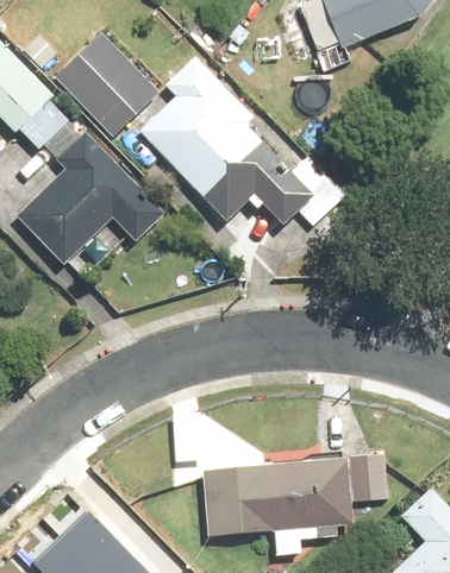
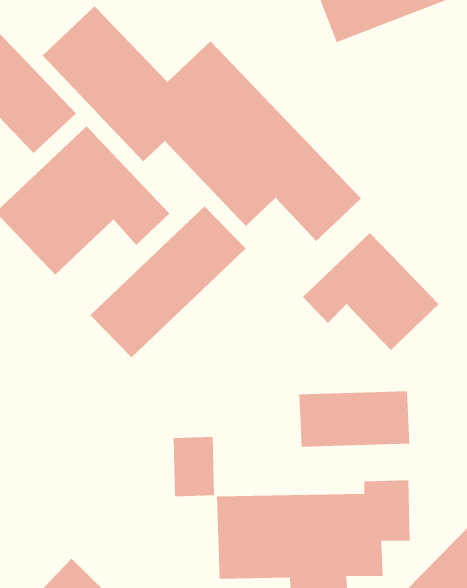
building: none -> [90,206,246,358]
building: none -> [302,232,440,351]
building: none -> [299,390,410,448]

